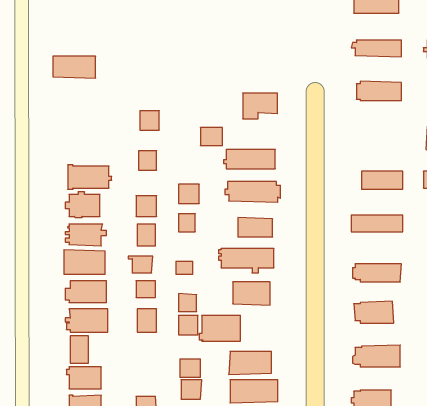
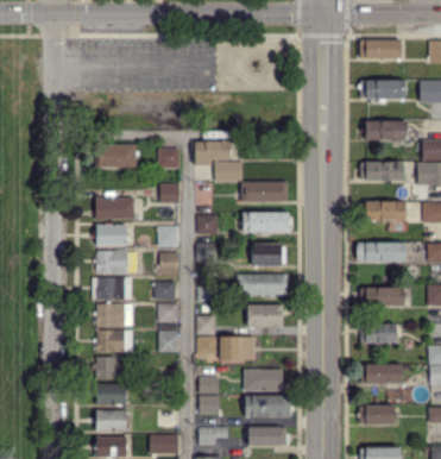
building: [53,56,96,78] -> [95,146,134,166]
building: [243,93,277,119] -> [196,140,228,164]
building: none -> [360,163,402,180]

